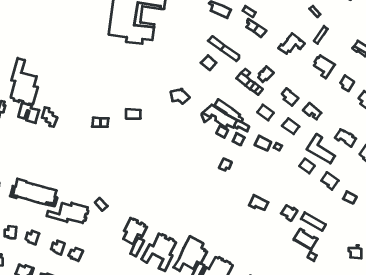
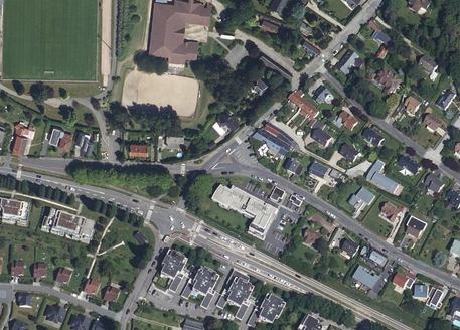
building: [11,58,38,105] -> none
building: none -> [212,185,276,237]
building: [47,203,88,223] -> none

